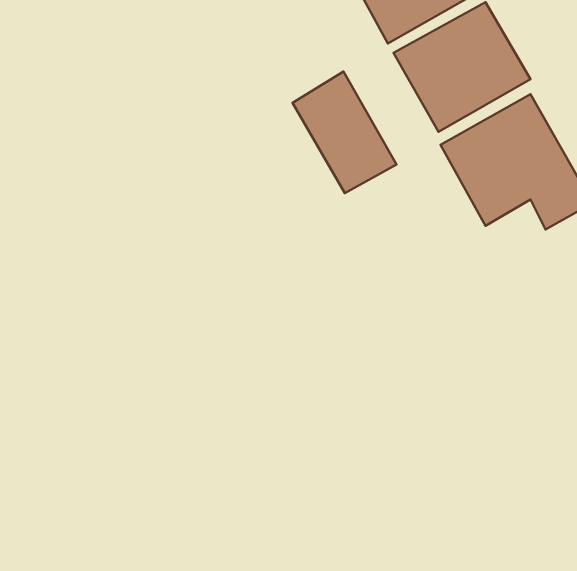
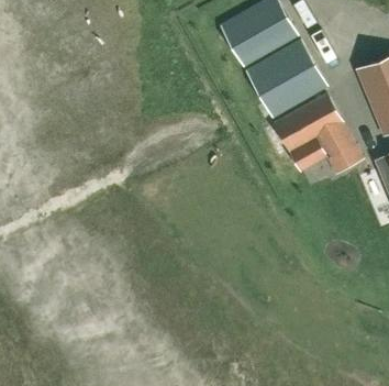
building: [293,72,397,193] -> none

